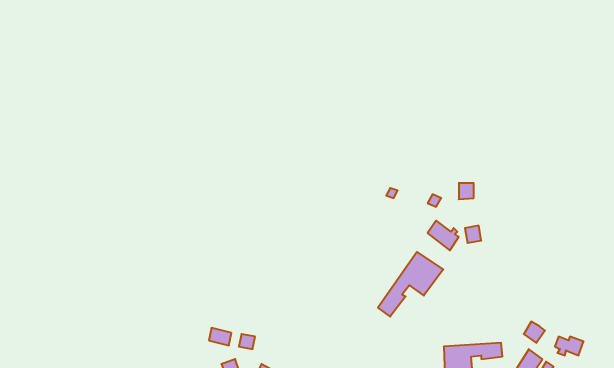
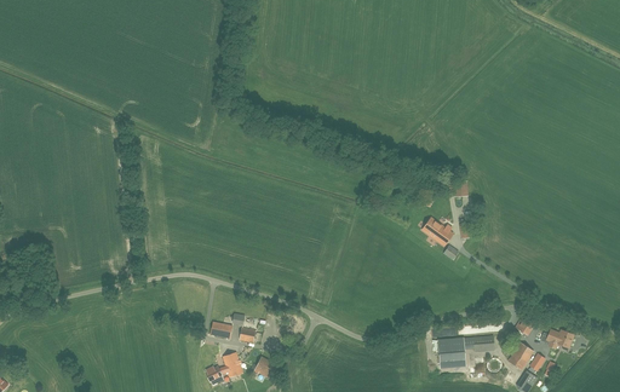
building: [378,252,443,317] -> none

